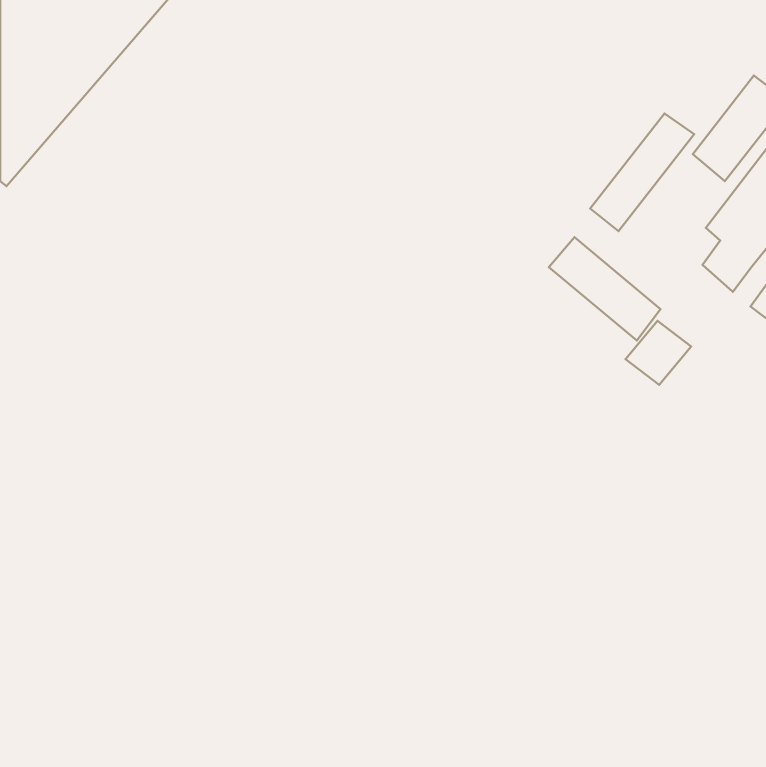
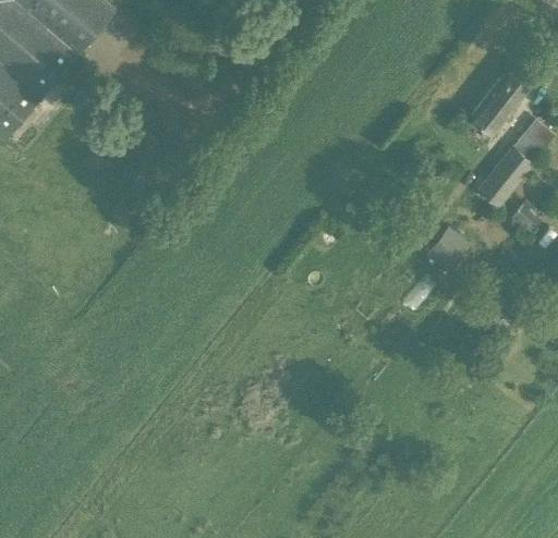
building: [590,114,694,231] -> none
building: [549,237,660,340] -> none

